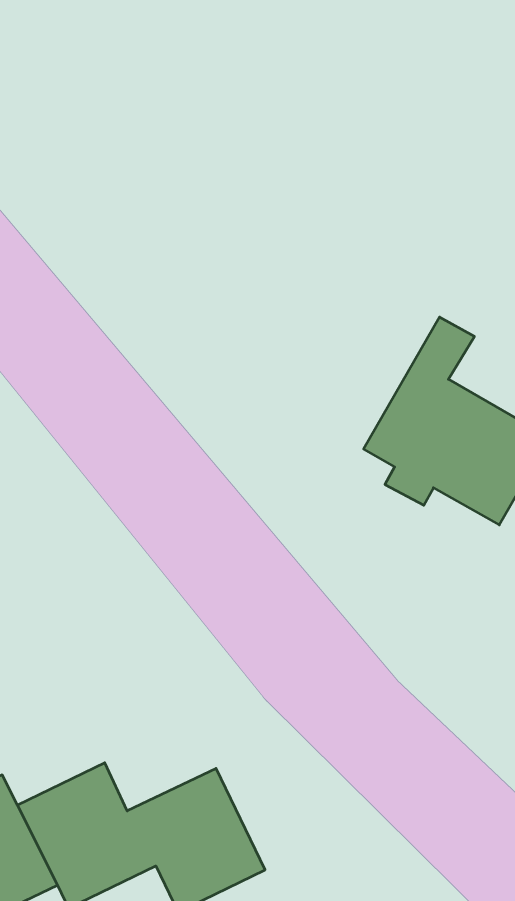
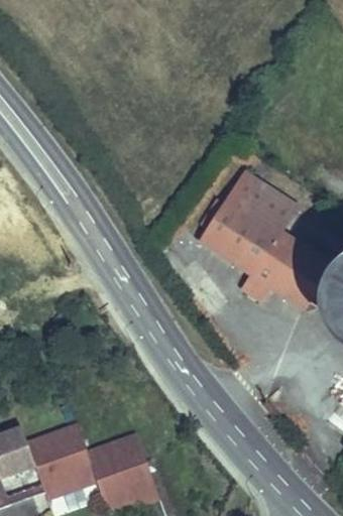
building: none -> [198,169,279,262]

